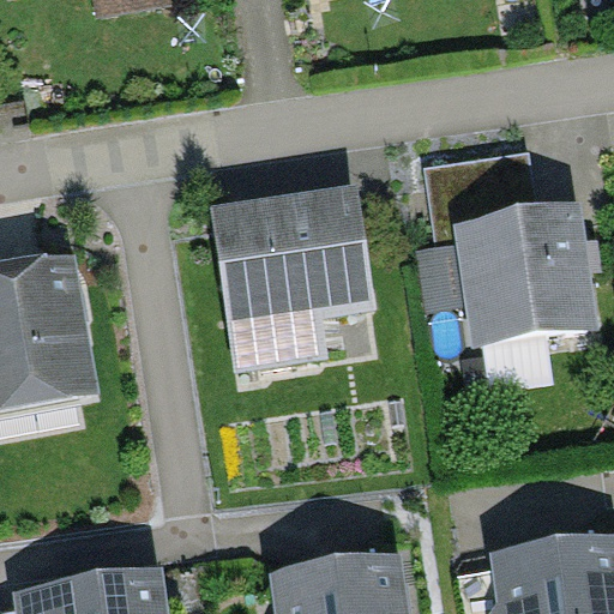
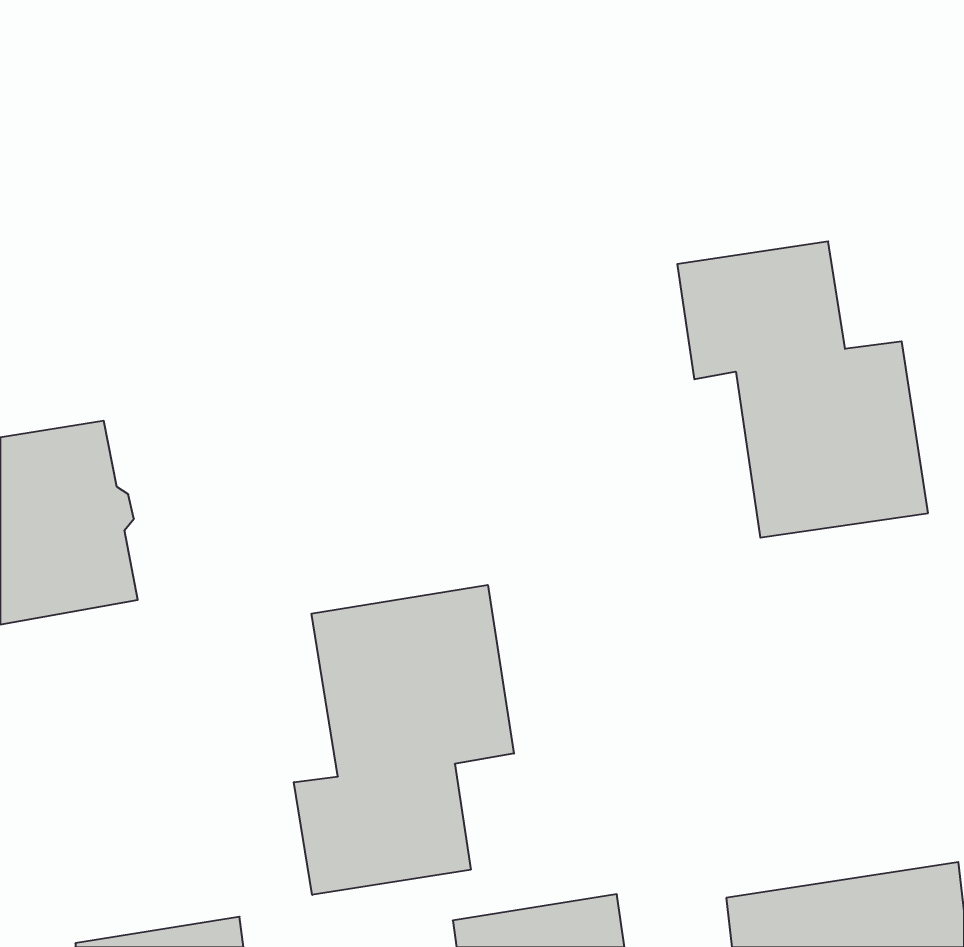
building: [227,204,366,363] -> none
building: none -> [294,585,514,895]

